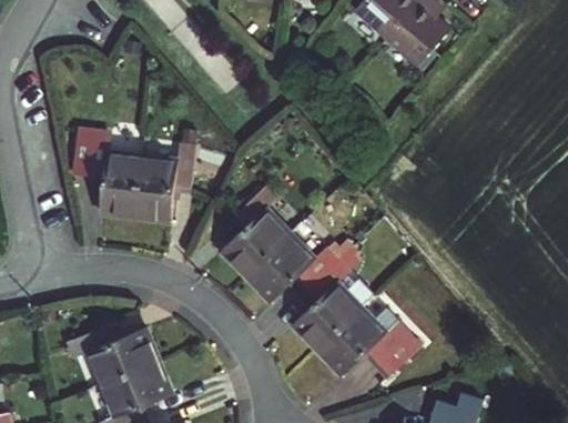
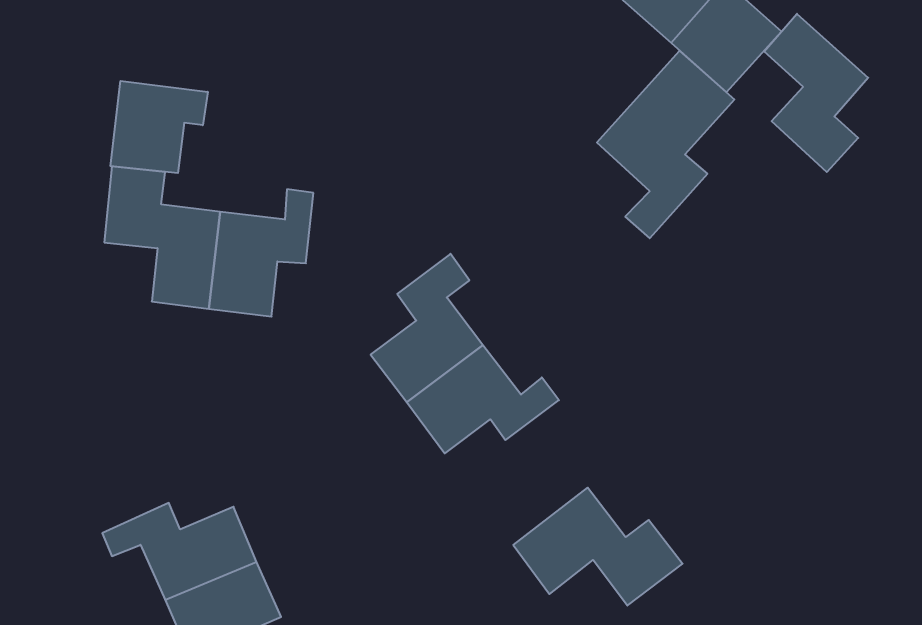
building: none -> [764,14,868,172]
building: none -> [597,51,734,238]
building: none -> [111,81,208,173]
building: [287,260,352,344] -> none

